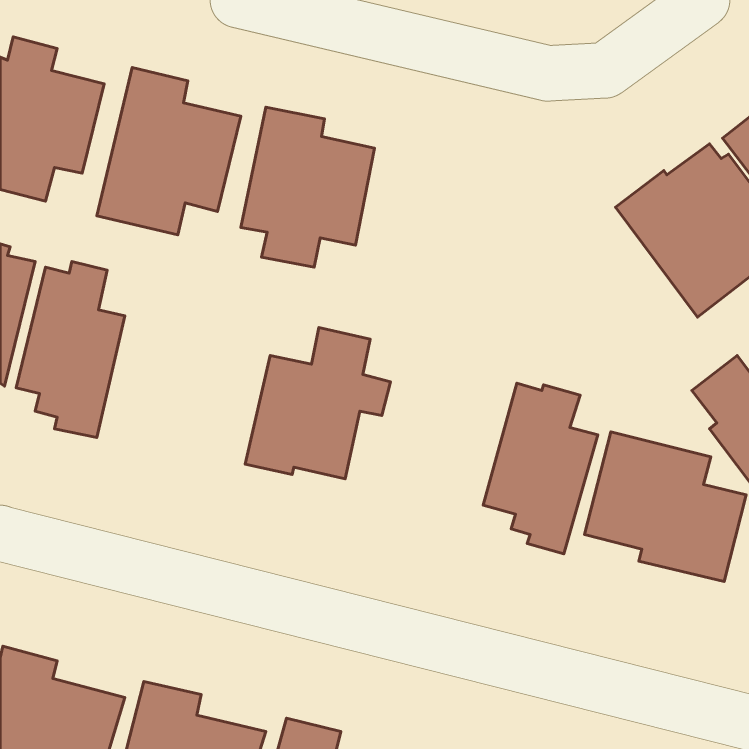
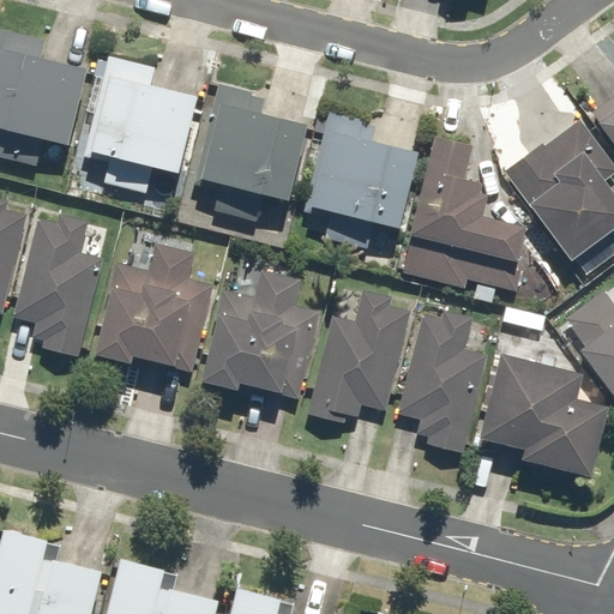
building: none -> [303,113,417,248]
building: none -> [402,138,526,293]
building: none -> [94,246,213,367]
building: none -> [307,291,413,423]

